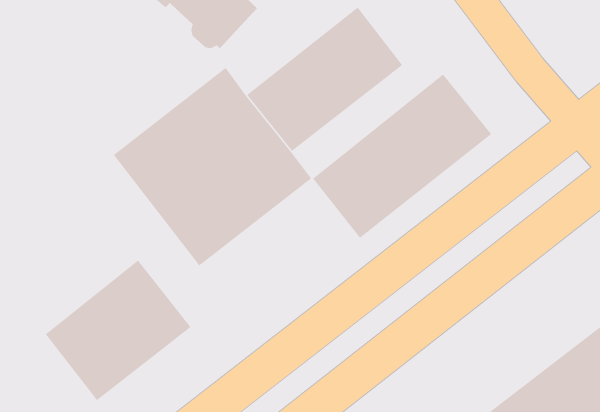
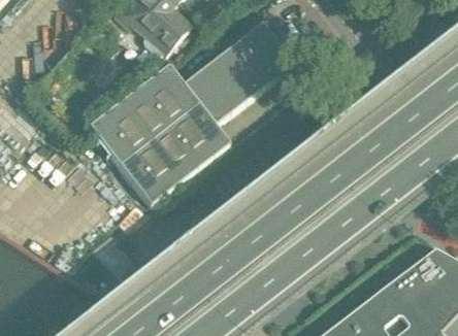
building: [312,73,492,239] -> none
building: [45,260,192,401] -> none

